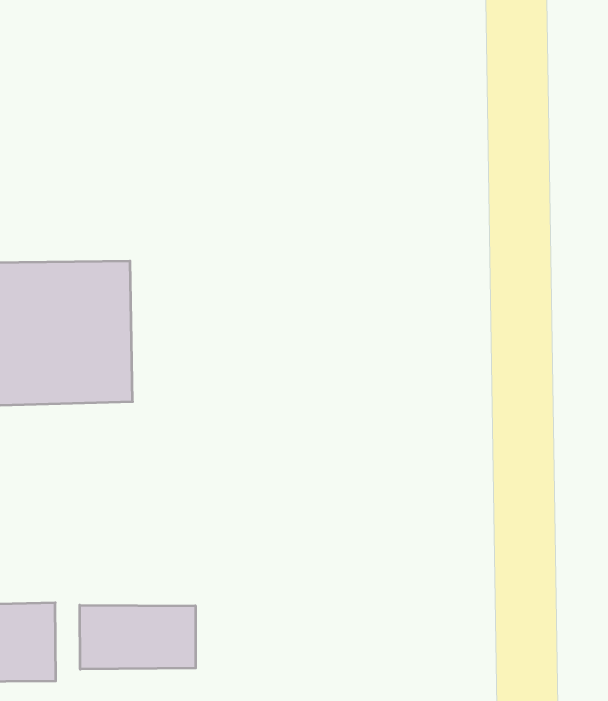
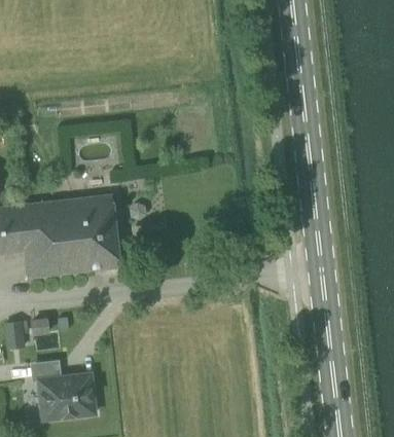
building: [80,605,196,669] -> none

